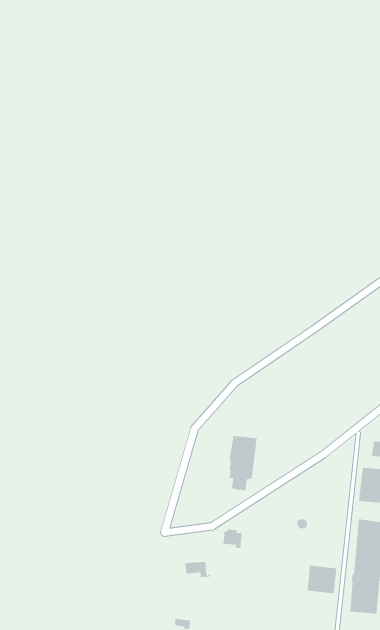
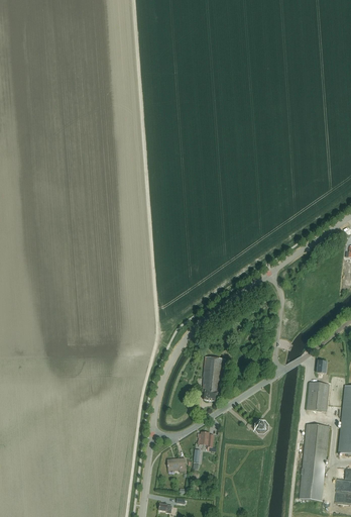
building: [307,565,337,594] -> none

